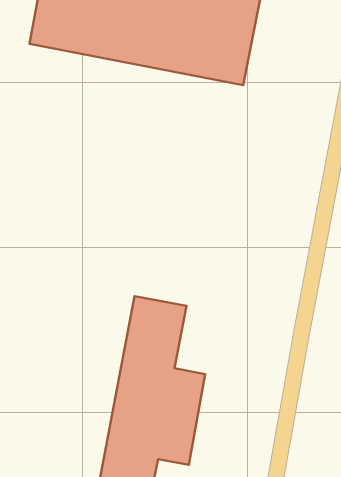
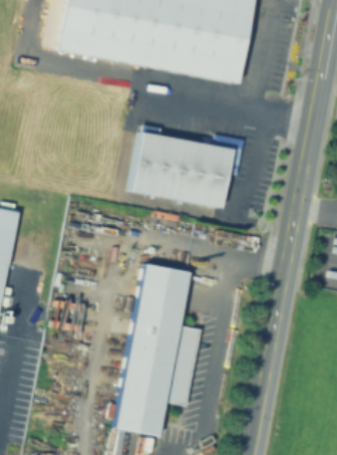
building: none -> [131,125,249,207]

